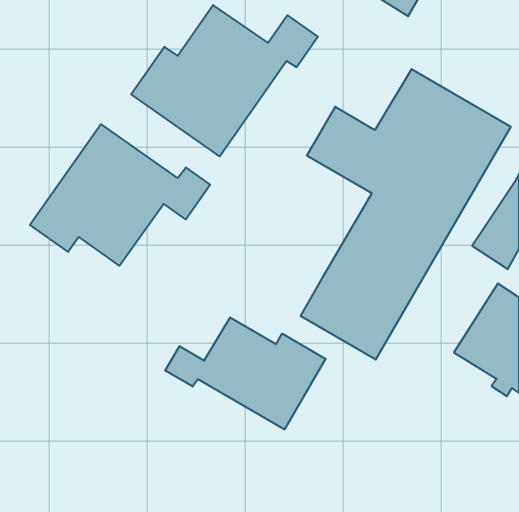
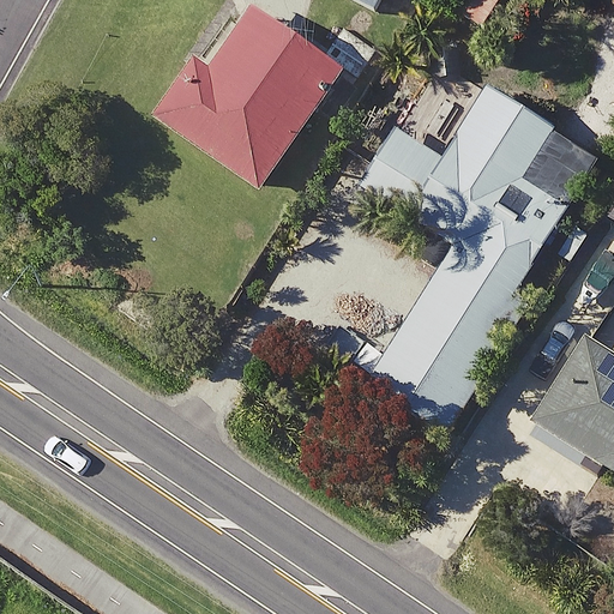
building: [30,124,210,266] -> none
building: [165,317,326,429] -> none

